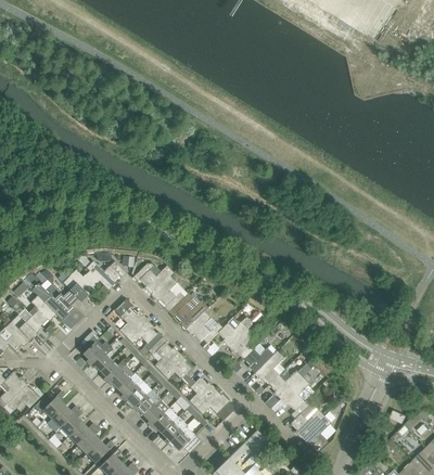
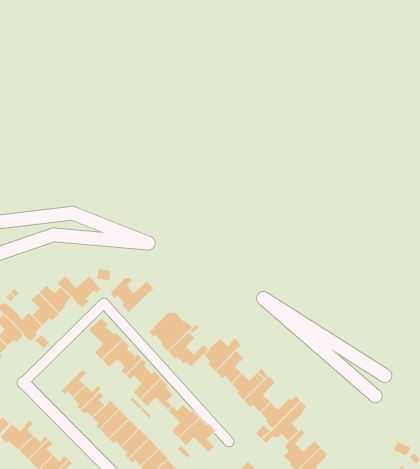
building: [151,275,183,311] -> none
building: [81,330,108,364] -> none

